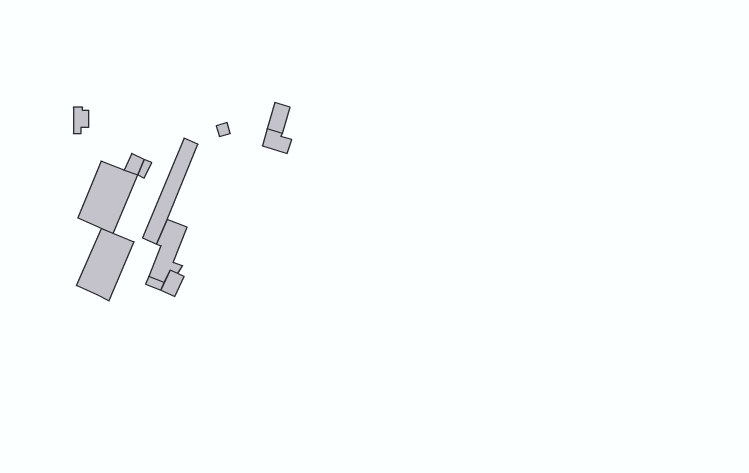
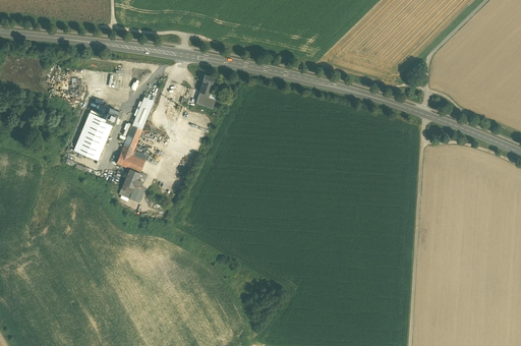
building: [77,229,134,301] -> none

